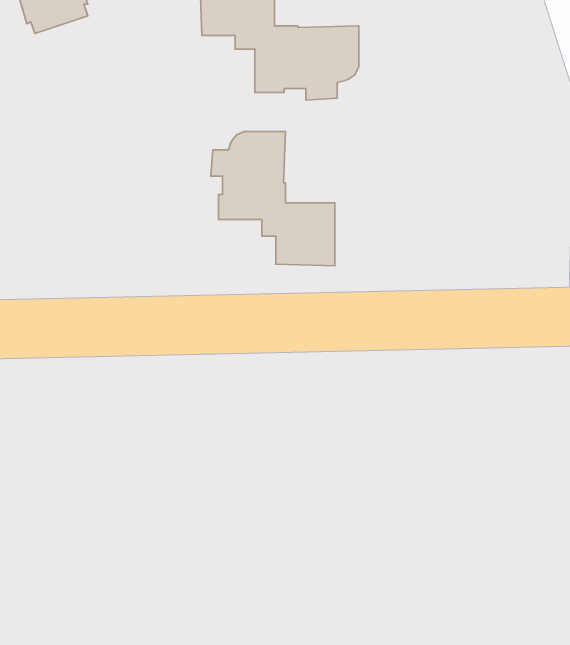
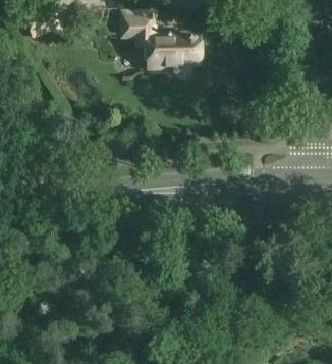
building: [211,131,335,266] -> none

